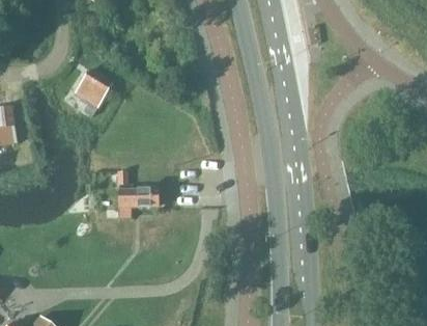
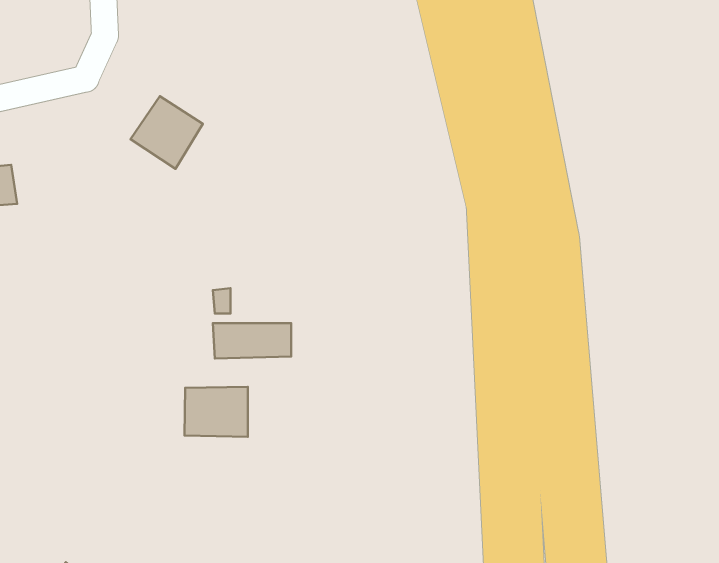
building: none -> [185,387,248,437]

